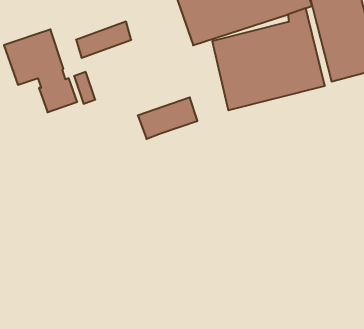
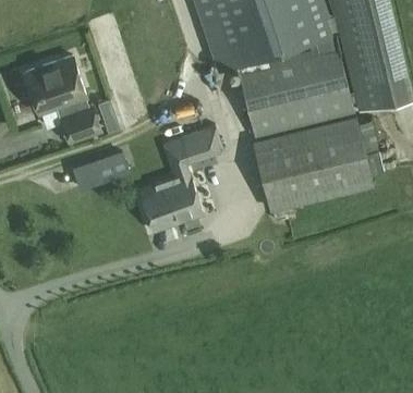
building: [76,22,131,58] -> [71,155,127,192]
building: none -> [252,118,373,213]
building: none -> [139,164,204,233]

